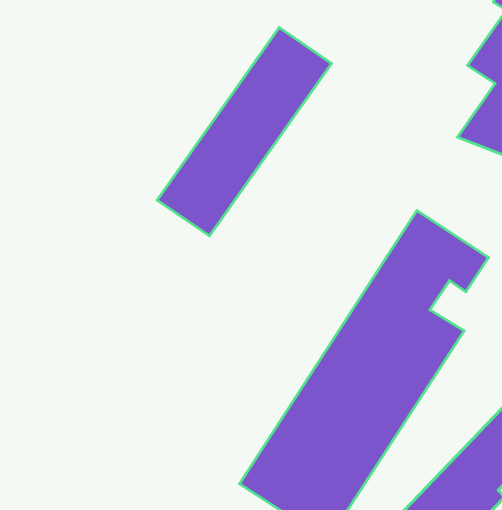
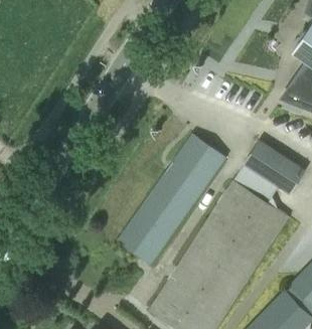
building: [157,28,331,236] -> [117,135,224,264]

